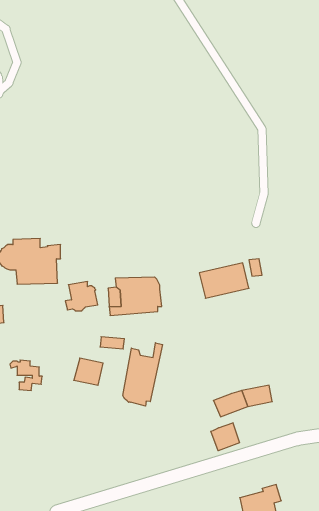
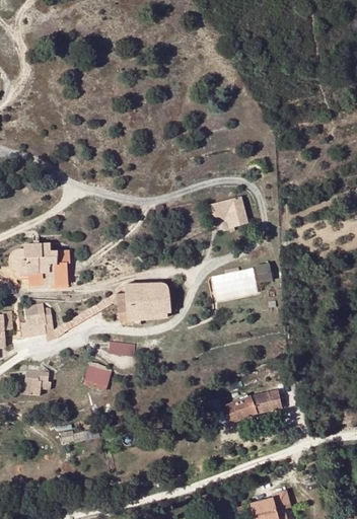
building: none -> [210,198,246,227]
building: [65,282,98,311] -> [20,304,53,333]
building: [123,343,163,406] -> none
building: [211,423,239,451] -> none

